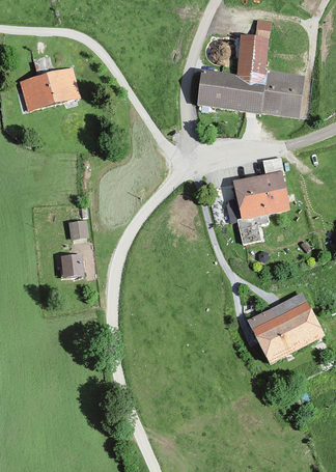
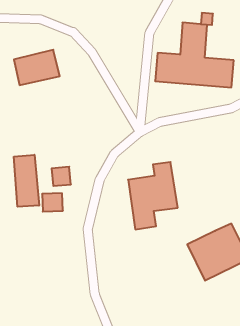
building: [229,157,293,244] -> [128,162,178,229]
building: none -> [14,155,39,207]

